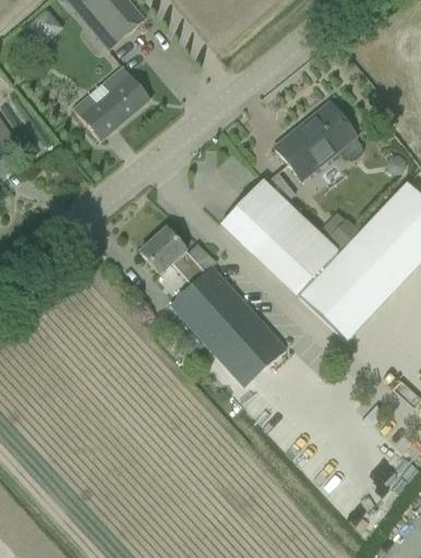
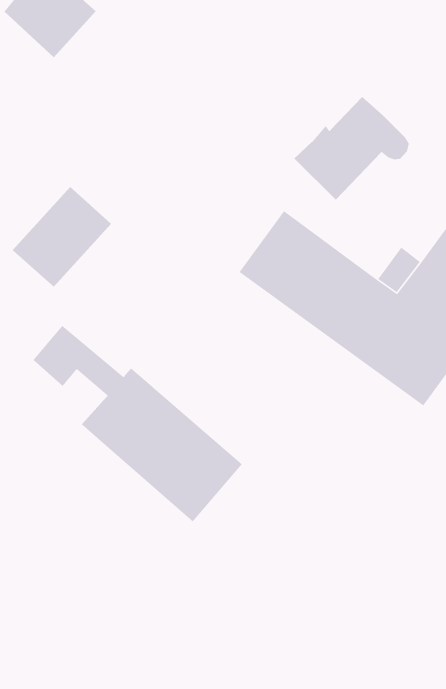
building: [74,66,151,140] -> [12,186,112,287]
building: [141,228,286,386] -> [33,325,243,522]

